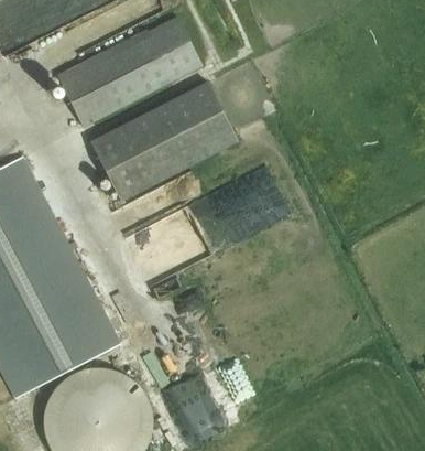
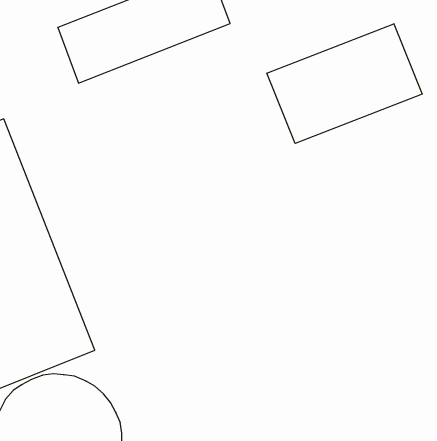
building: none -> [267,24,422,143]
building: [90,80,238,202] -> none

